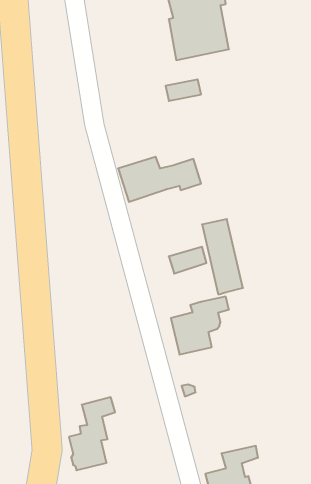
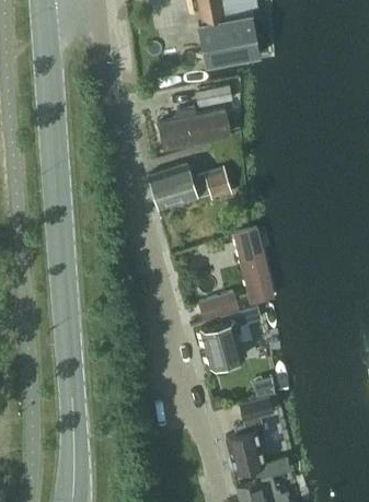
building: none -> [159,107,231,151]
building: [169,247,206,274] -> [199,293,238,320]
building: [69,397,115,470] -> [227,397,274,471]

